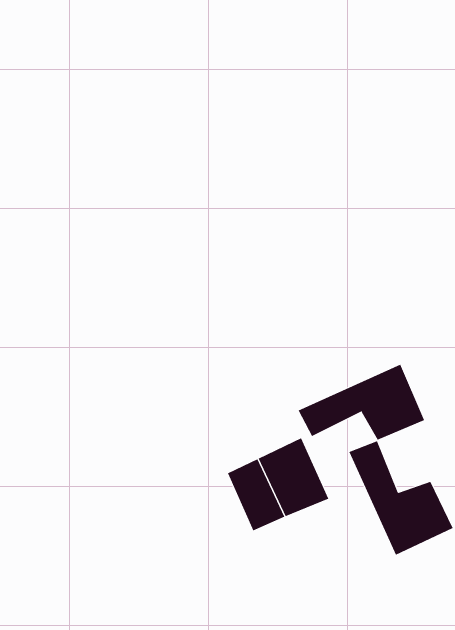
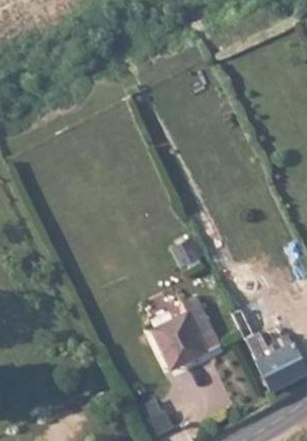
building: [298,364,425,441] -> none

